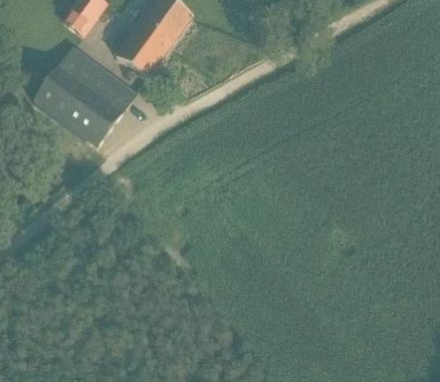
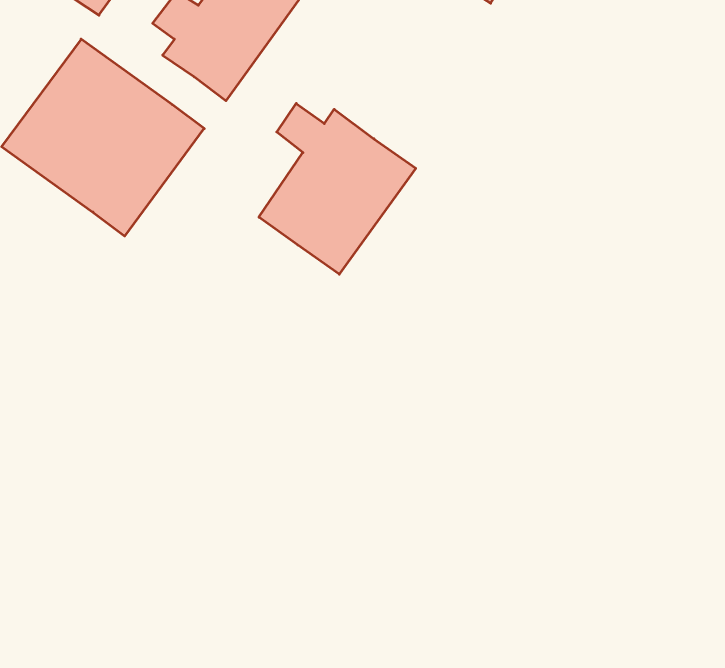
building: none -> [259,103,416,274]

